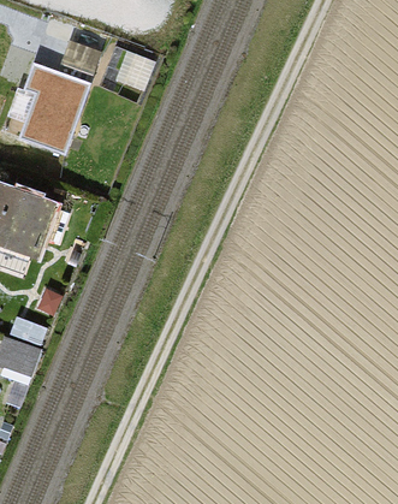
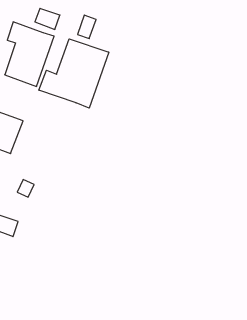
building: none -> [39,39,109,108]

